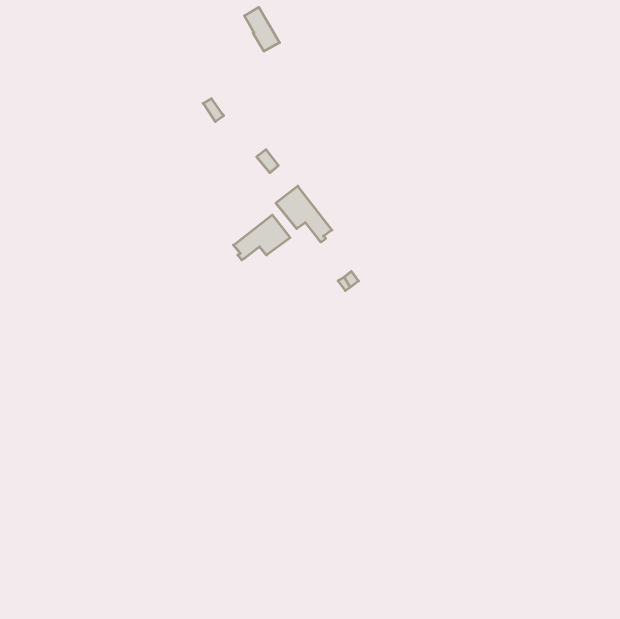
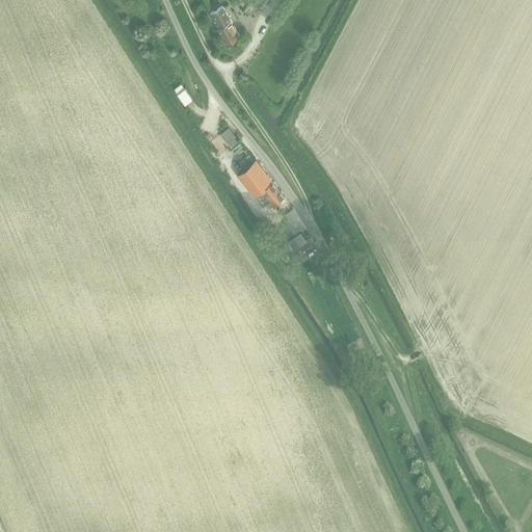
building: [233,215,290,260] -> none

